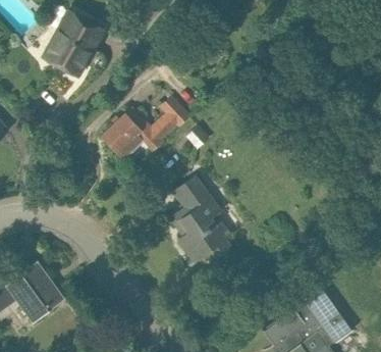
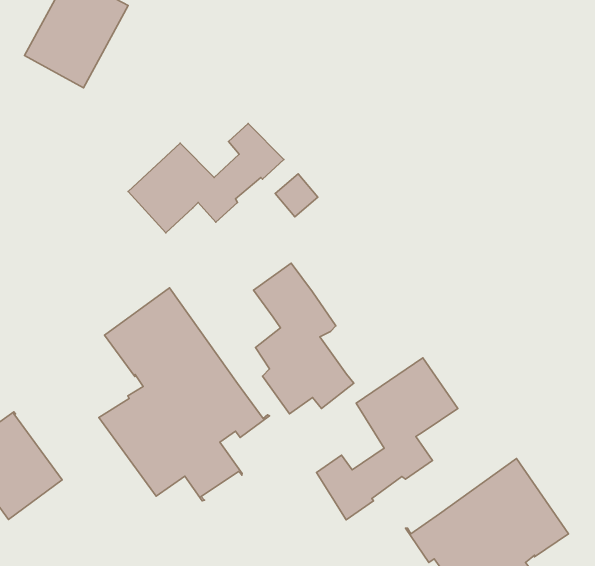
building: none -> [99,288,269,501]
building: none -> [317,358,458,520]

